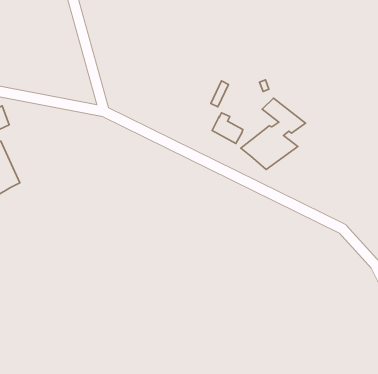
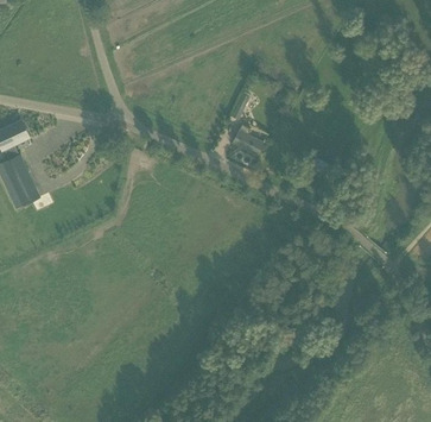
building: [241,98,305,169] -> none

